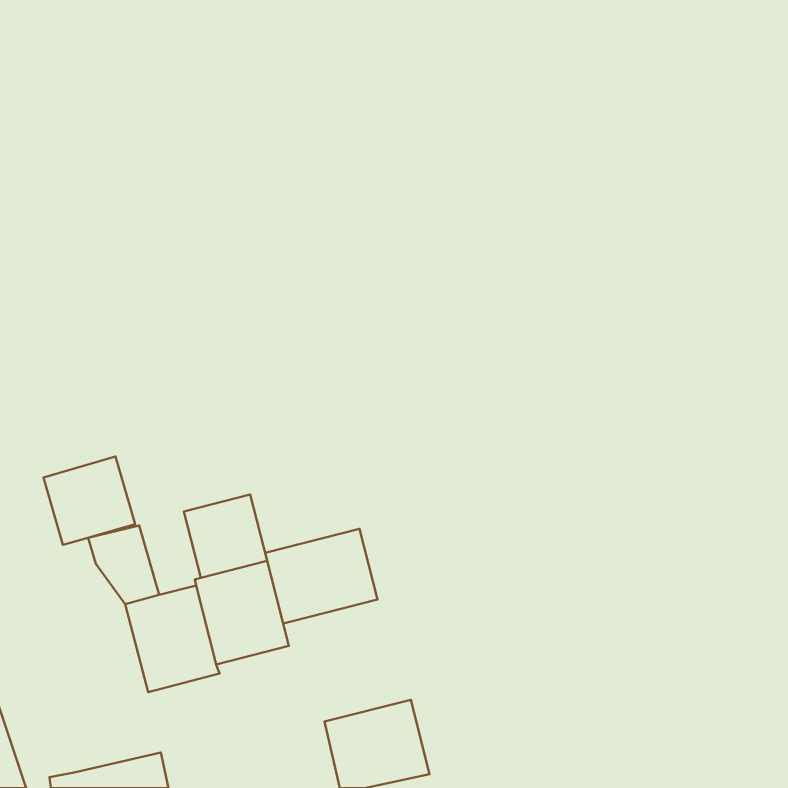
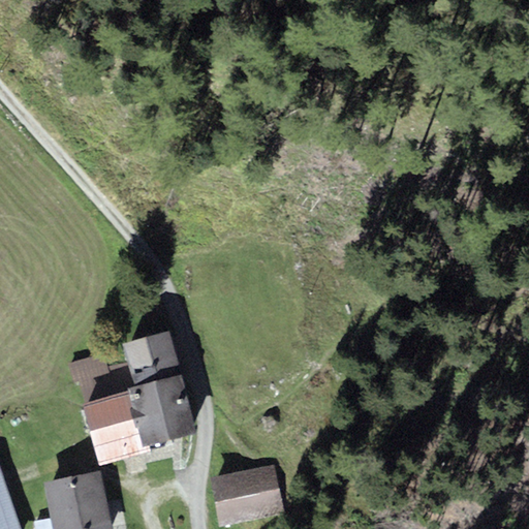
building: [43,457,135,545] -> none
building: [265,529,377,624] -> none
building: none -> [42,470,107,517]

